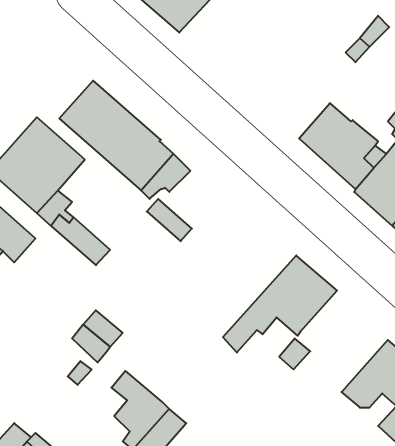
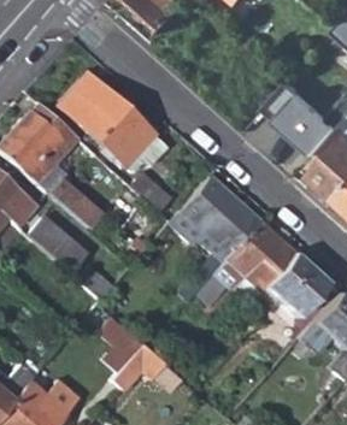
building: none -> [172,175,260,307]
building: none -> [28,216,87,272]
building: none -> [264,250,330,317]

